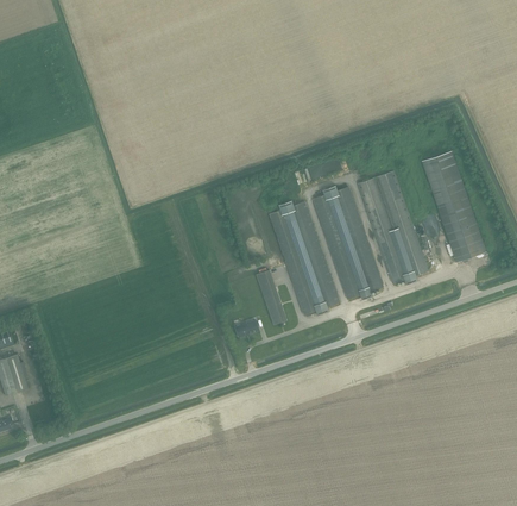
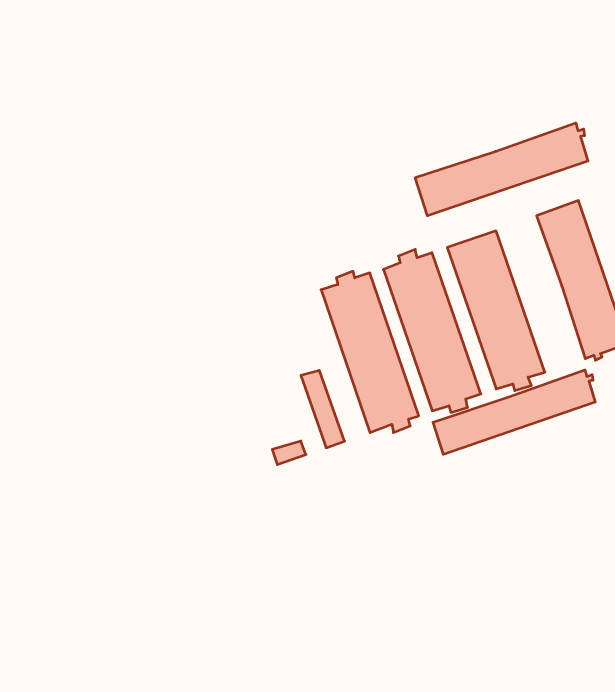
building: none -> [415,123,588,216]
building: none -> [433,370,595,454]

